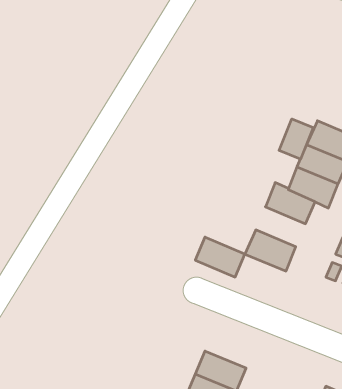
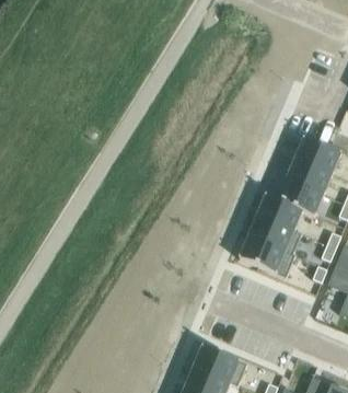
building: [279,119,313,159] -> none
building: [195,237,245,277] -> [250,215,294,251]

